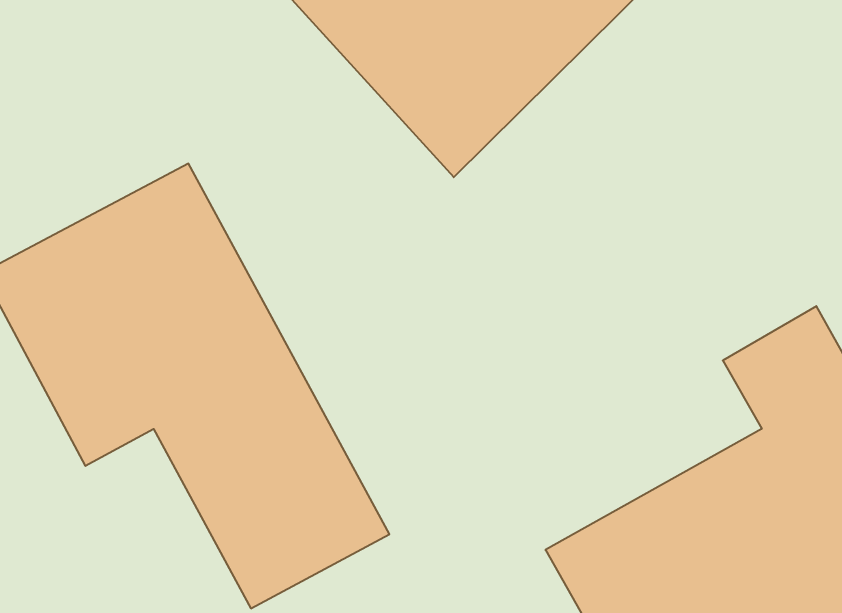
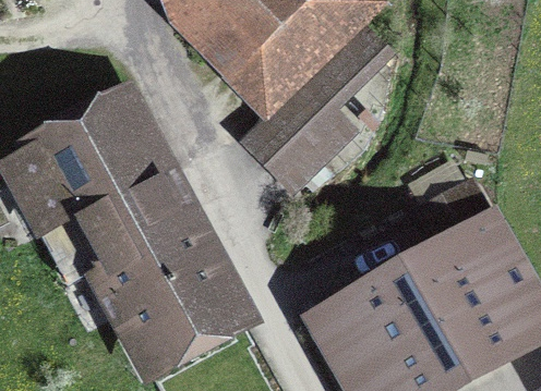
building: none -> [250,24,392,187]

